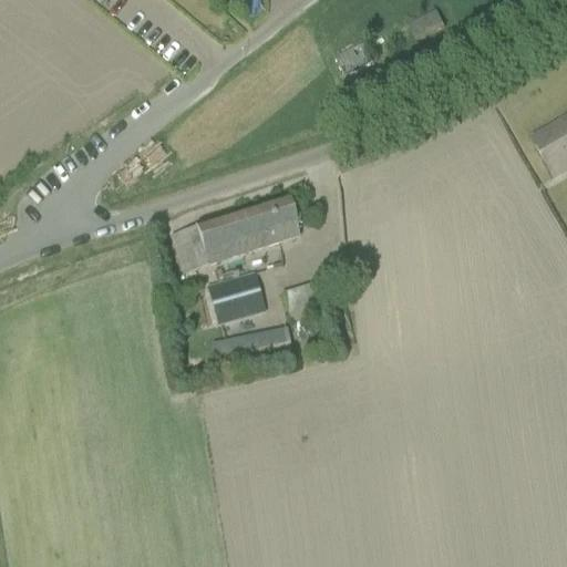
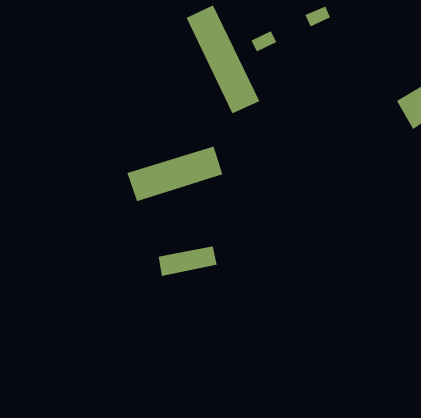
building: none -> [186,5,260,114]
building: [207,269,265,323] -> none

